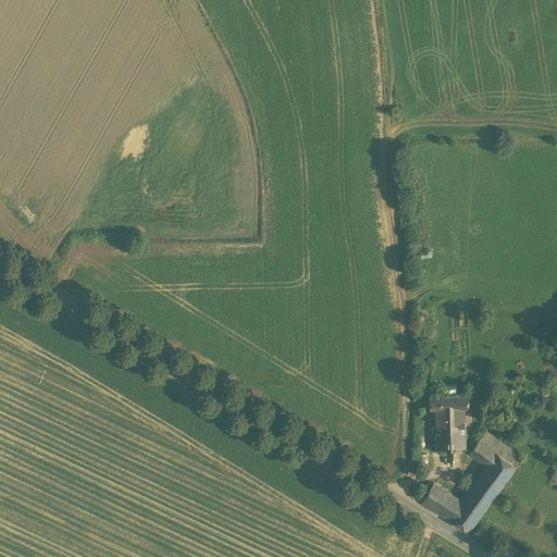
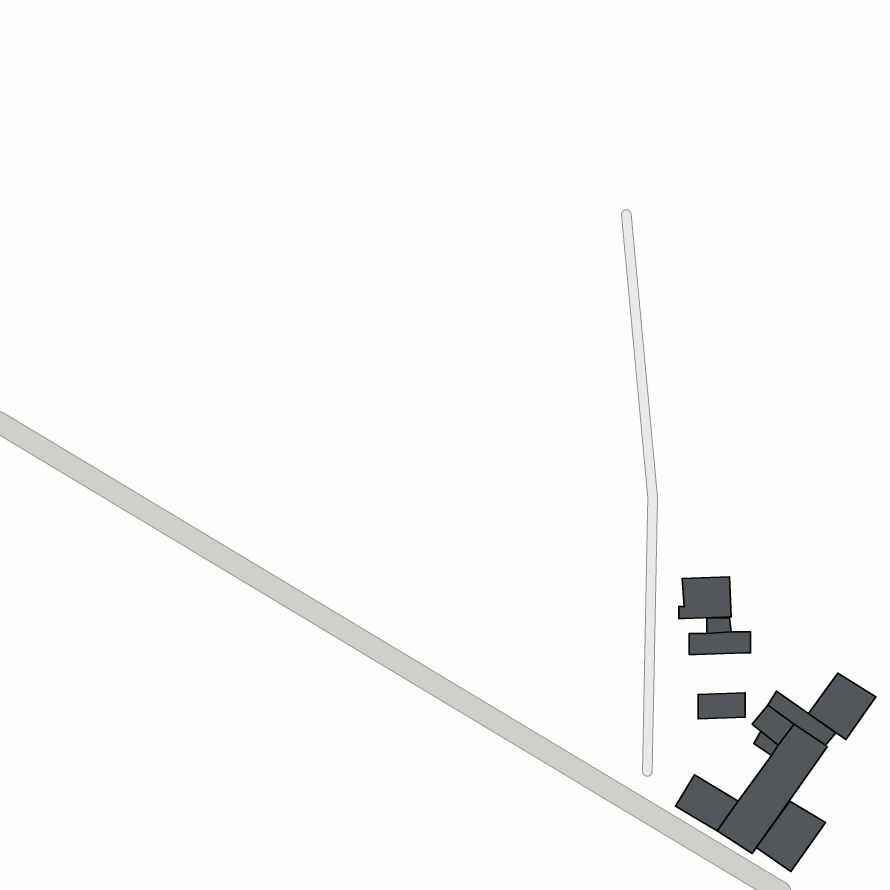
building: [432,408,465,434] -> [679,577,731,619]
building: none -> [809,673,876,739]
building: none -> [756,801,825,871]

